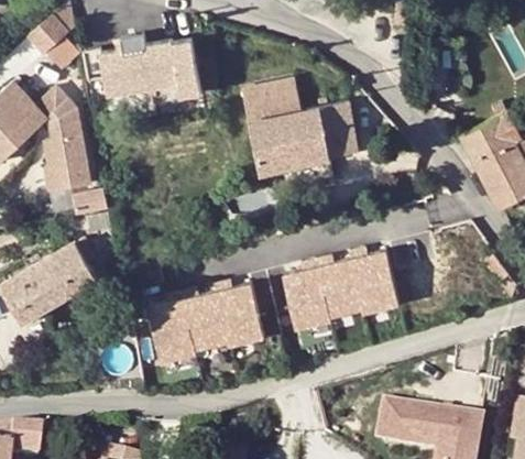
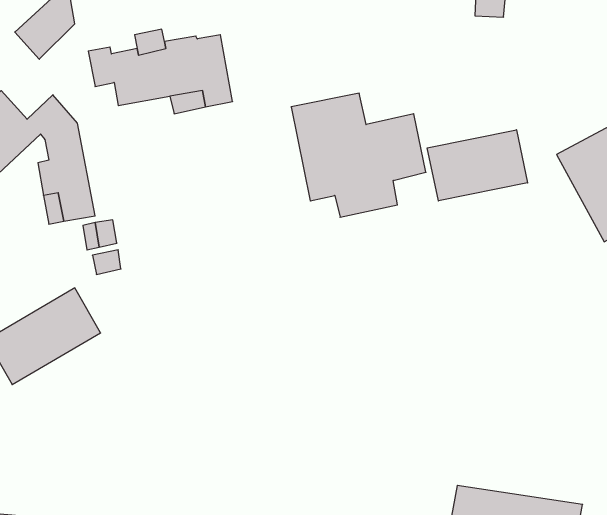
building: none -> [427,130,528,201]
building: [284,247,400,327] -> none
building: [146,281,262,360] -> none

